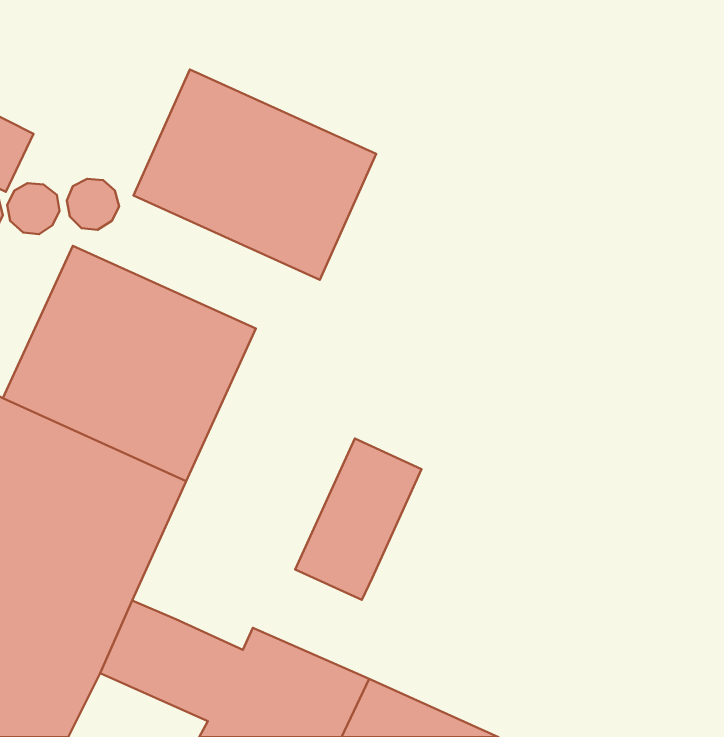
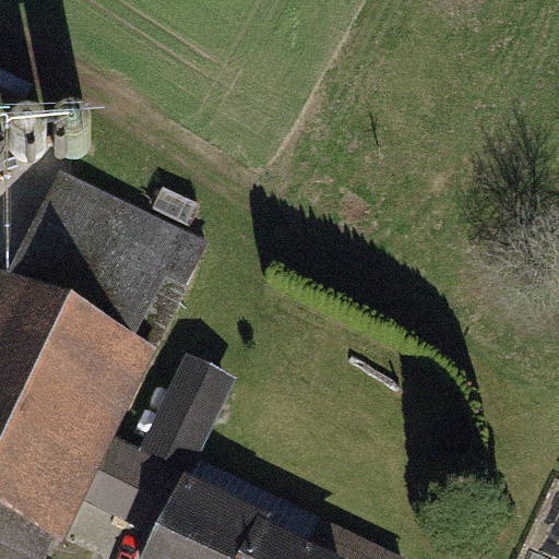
building: [134,69,376,280] -> none
building: [295,439,422,600] -> [132,367,227,488]

